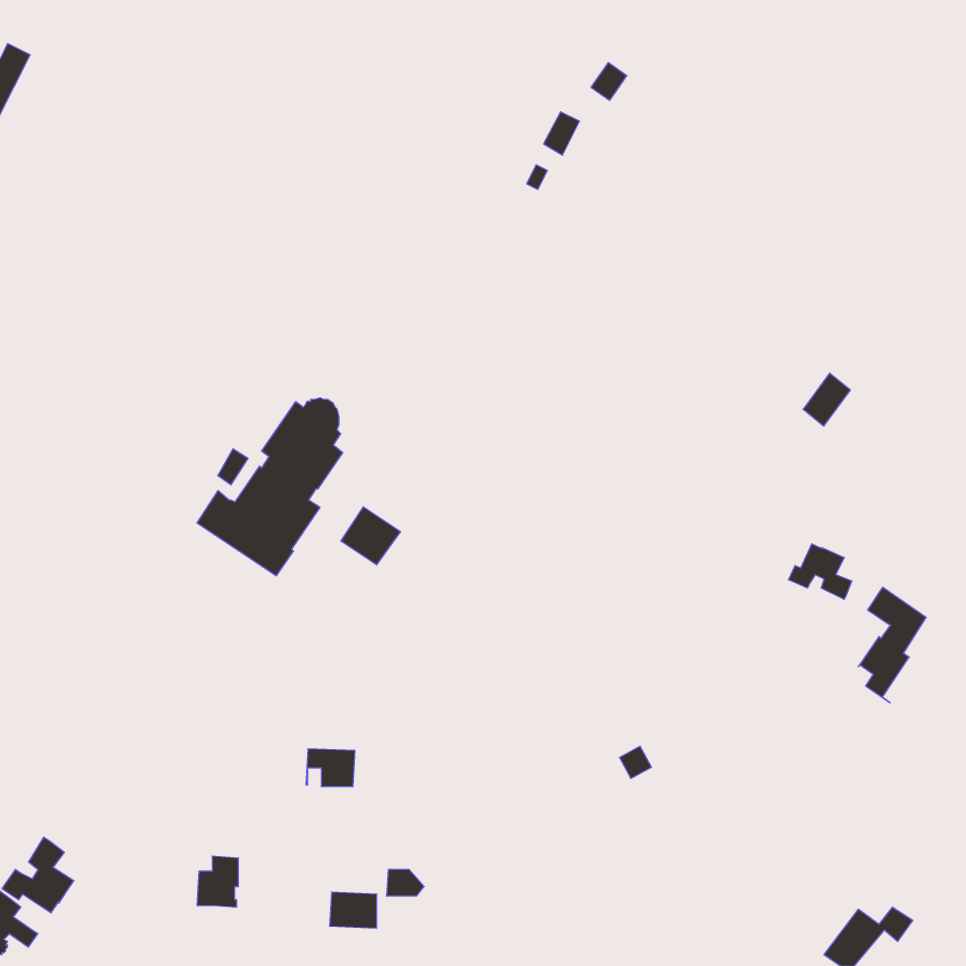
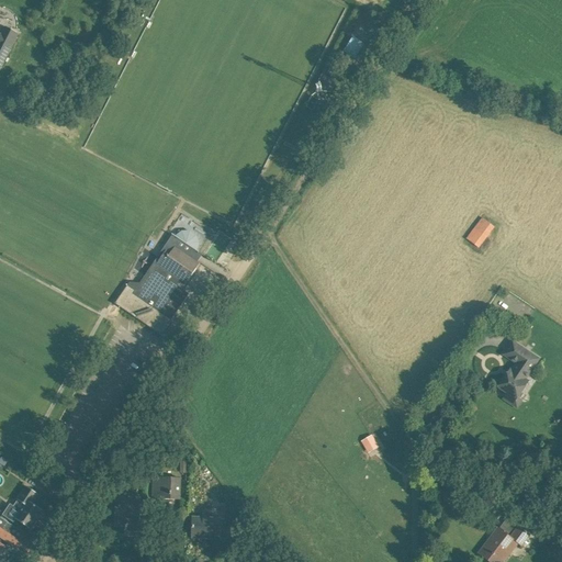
building: [341,507,400,565] -> none
building: [789,544,852,599] -> none
building: [306,749,355,787] -> [151,476,180,498]

